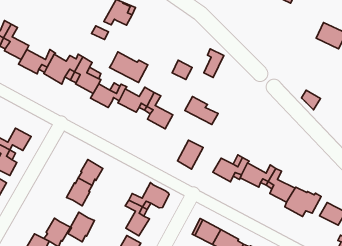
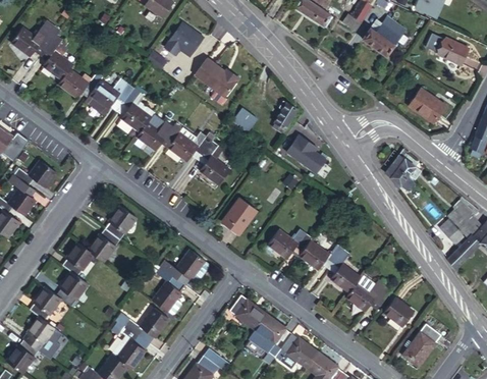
building: [110,52,148,83] -> [195,57,240,97]
building: none -> [391,148,420,177]
building: [185,96,218,125] -> [288,134,327,171]
building: [68,212,95,242] -> [63,242,97,278]

